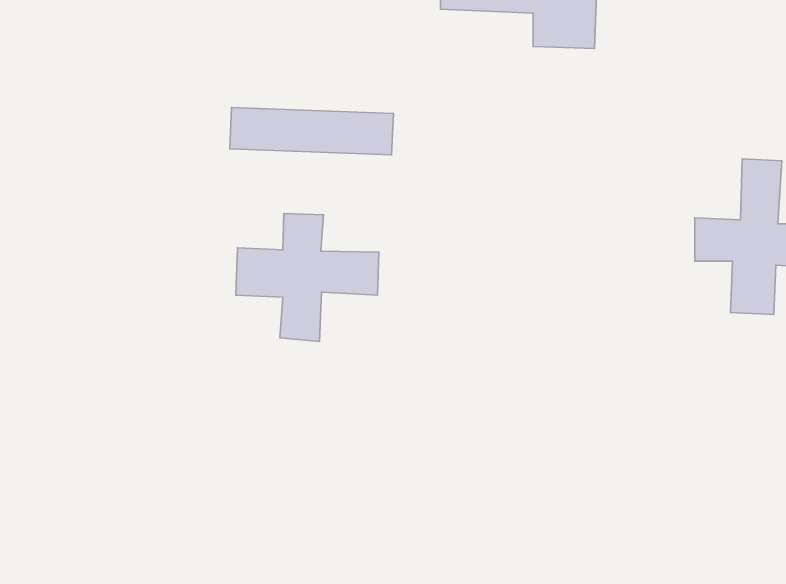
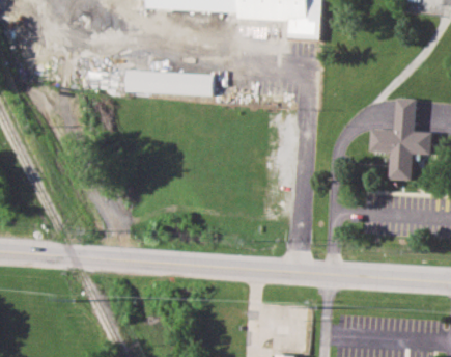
building: [236,213,379,341] -> none

